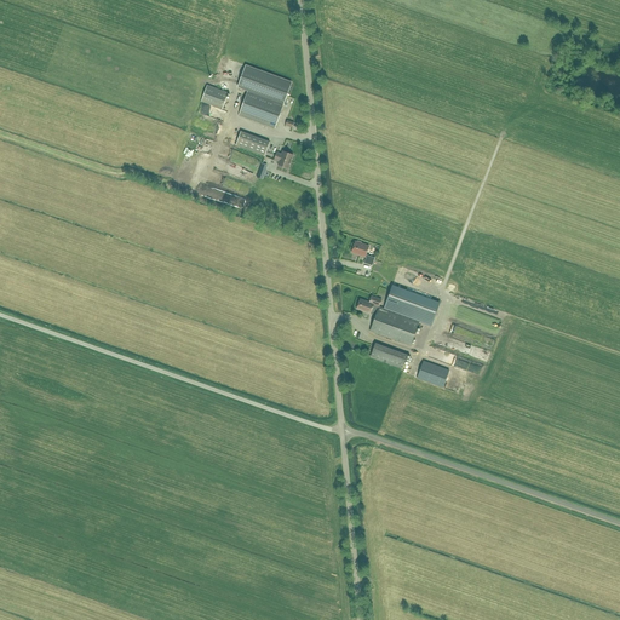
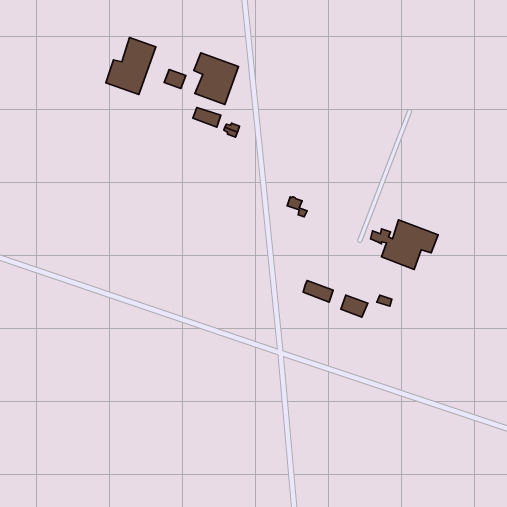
building: none -> [106,37,156,94]
building: [356,285,438,345] -> [371,220,438,270]

